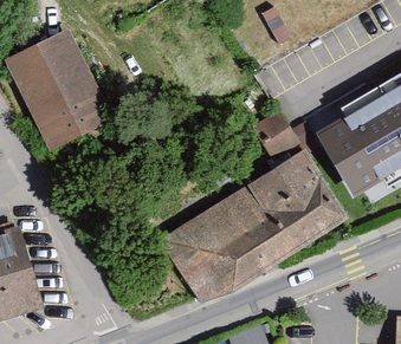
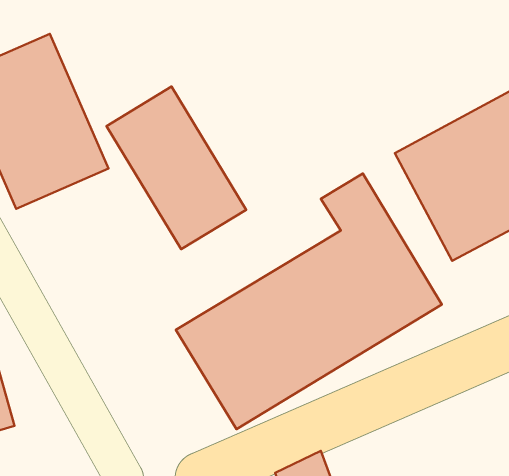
building: none -> [106,87,246,249]

